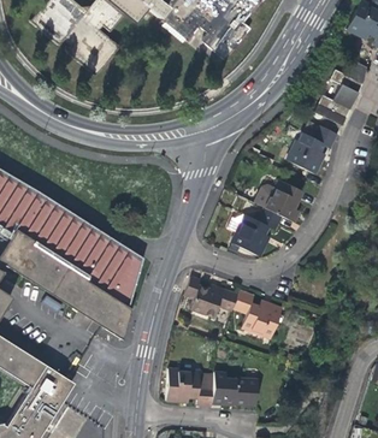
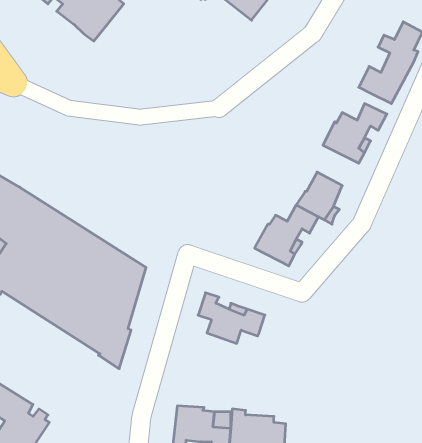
building: [235,292,284,339] -> none

